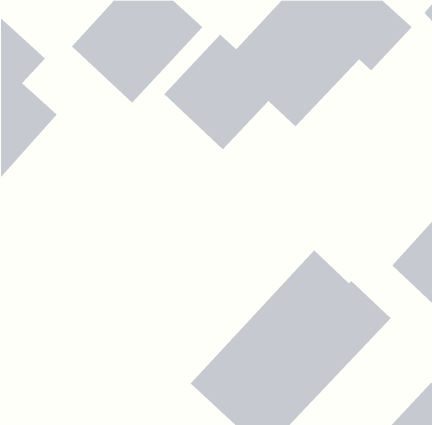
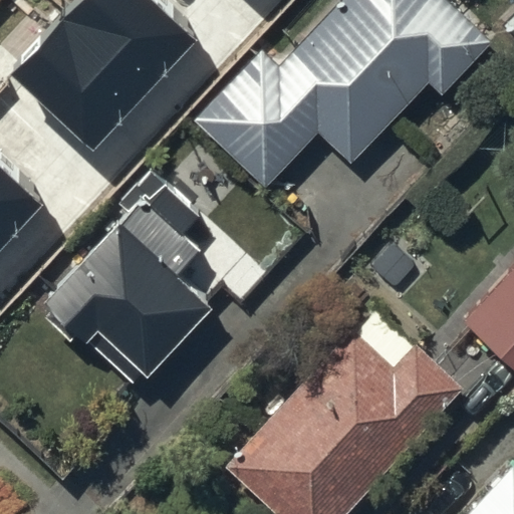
building: none -> [42,183,211,387]

